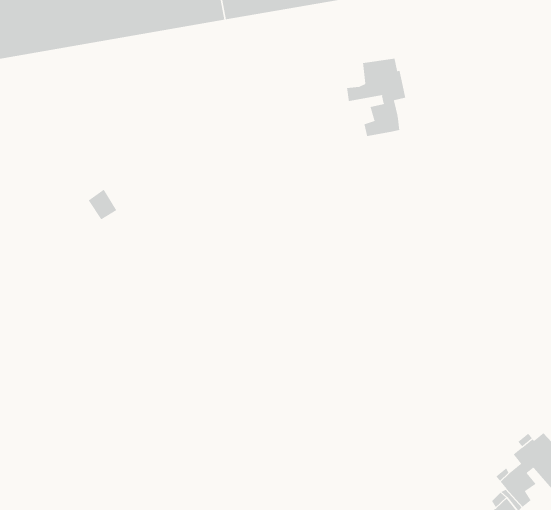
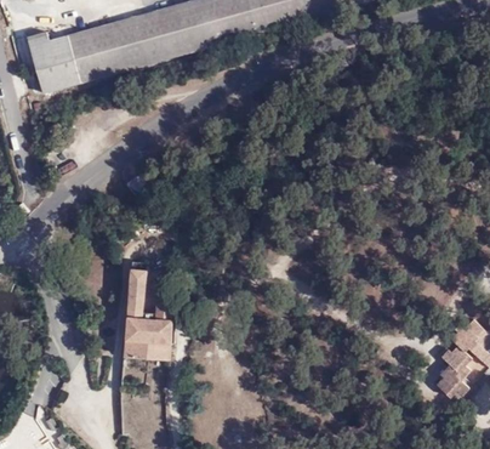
building: [347,58,406,137] -> none
building: none -> [122,261,172,360]

